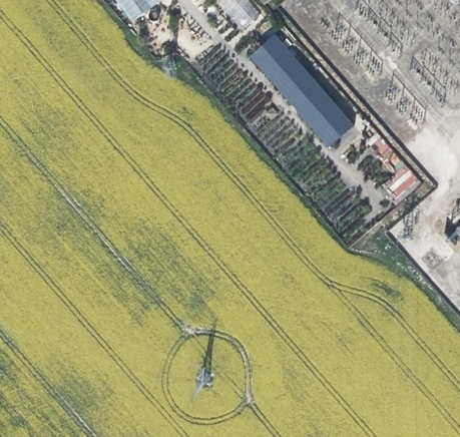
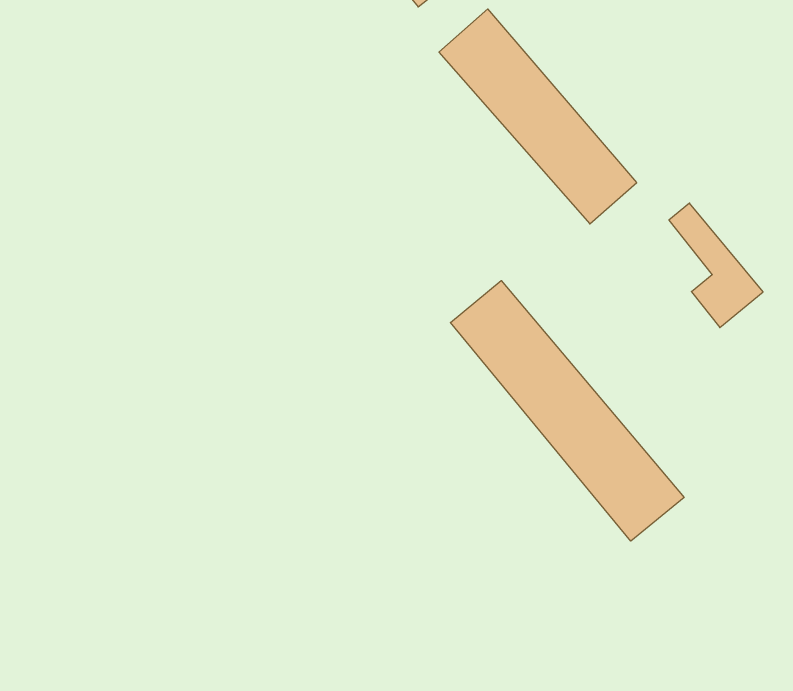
building: none -> [450,281,684,541]

